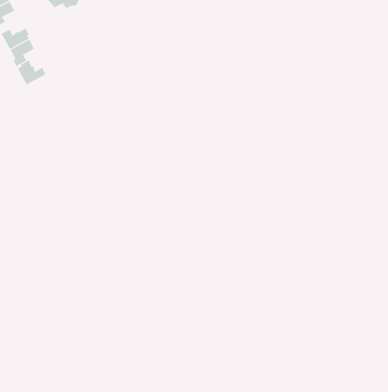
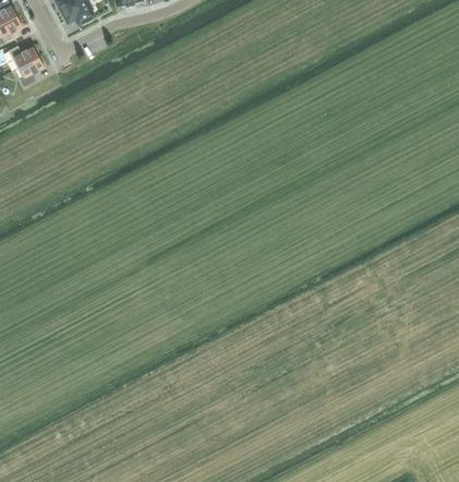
building: [17,60,46,85] -> none

